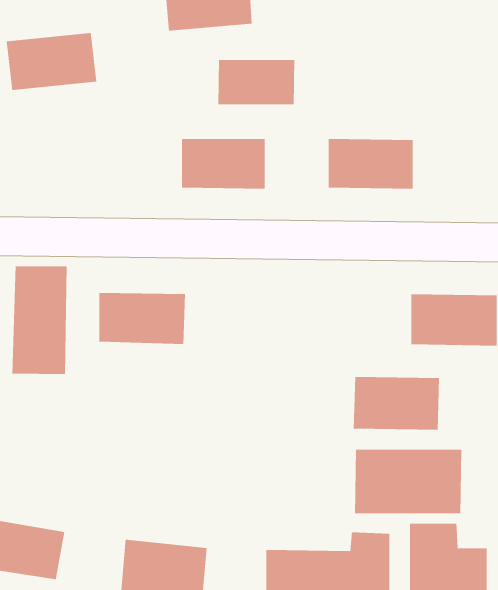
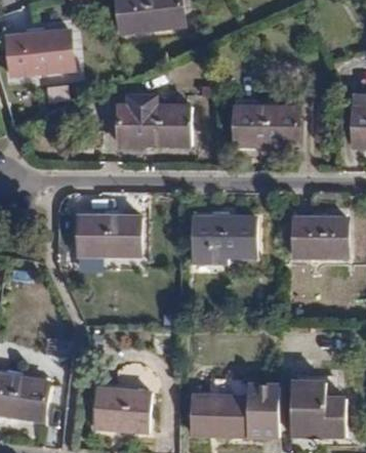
building: [218,59,295,105] -> none
building: [12,266,67,375] -> none
building: [353,376,440,430] -> [191,216,252,254]
building: [354,449,462,514] -> none

